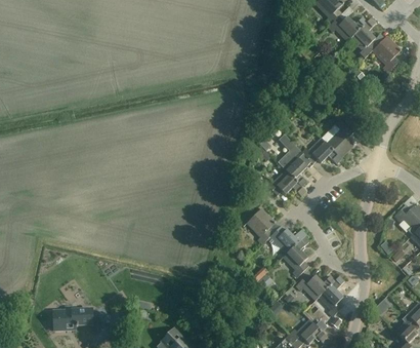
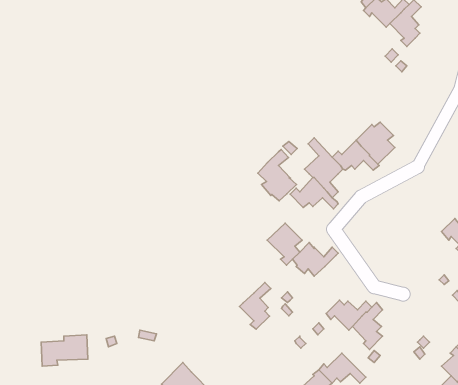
building: [372,36,401,72] -> none
building: none -> [258,150,297,201]
building: [283,236,309,276] -> [239,282,271,329]

